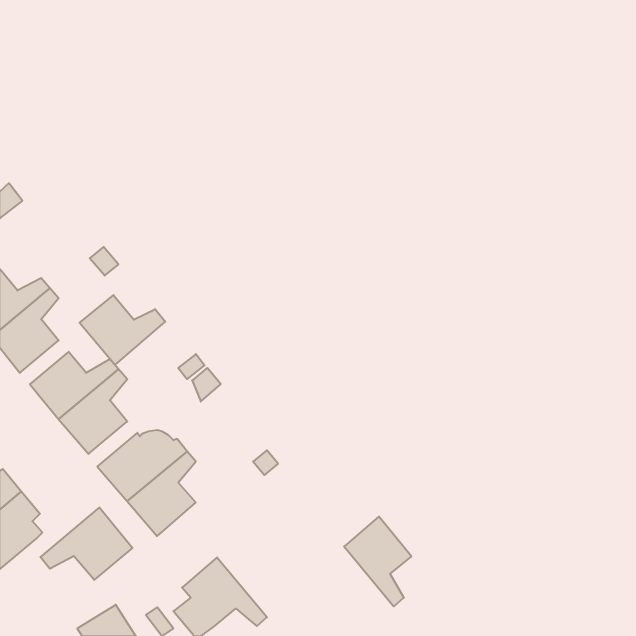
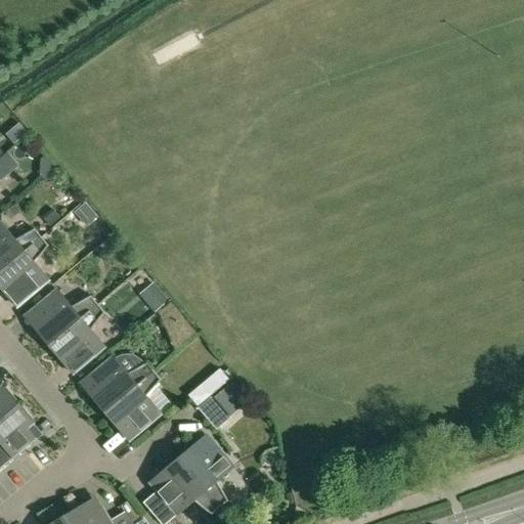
building: [80,295,165,365] -> none
building: none -> [198,394,230,429]
building: [40,507,132,580] -> none
building: [344,517,411,606] -> [178,433,233,507]

